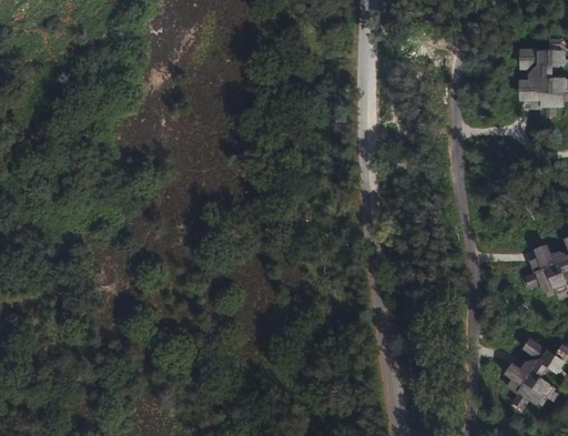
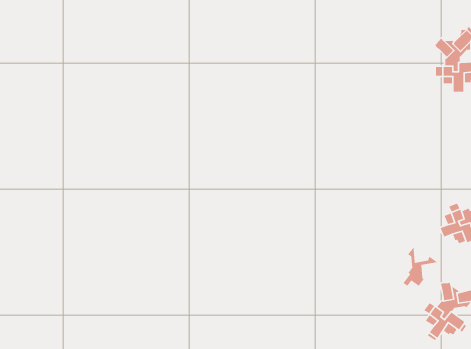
building: none -> [403,246,438,287]

